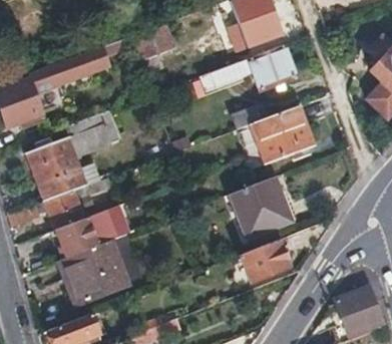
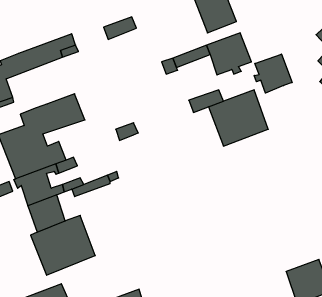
building: none -> [254,54,292,93]
building: [232,178,290,238] -> none
building: [242,241,289,282] -> none

